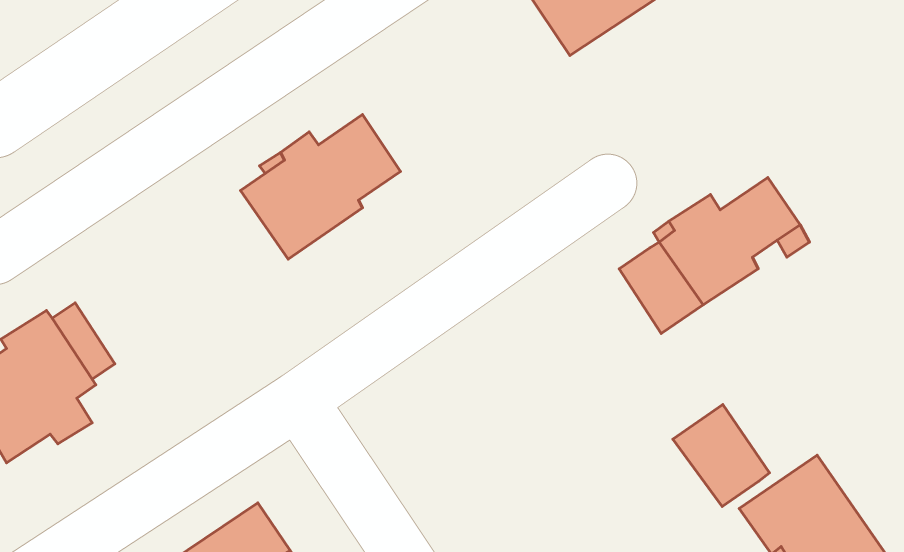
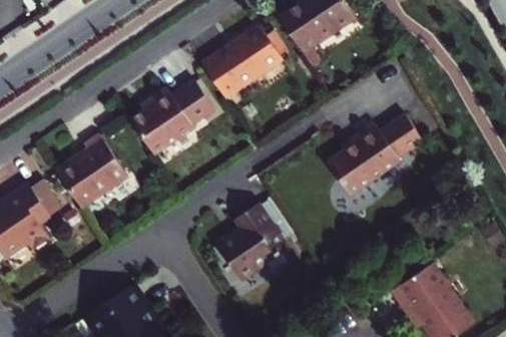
building: none -> [199,25,281,97]
building: none -> [53,135,126,211]
building: none -> [217,202,295,278]
building: [673,404,769,506] -> none

